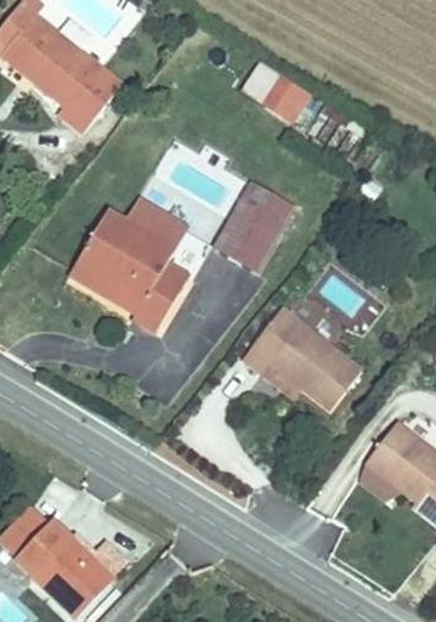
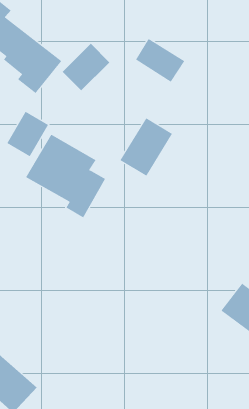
building: none -> [62,43,110,91]
building: none -> [6,111,49,157]
building: [238,304,361,406] -> none

